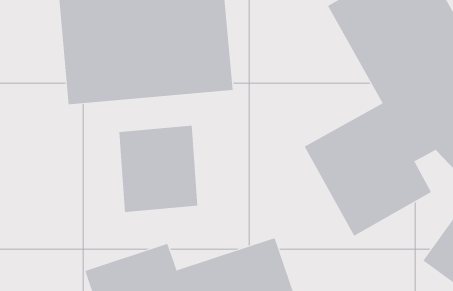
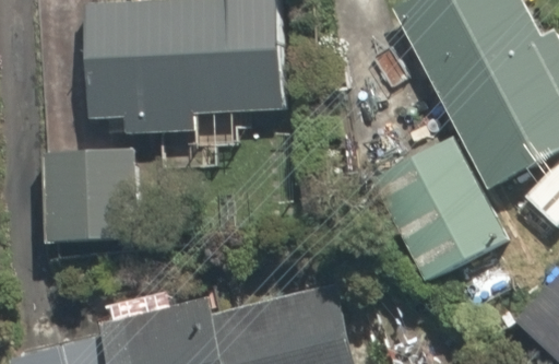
building: [119,125,198,212] -> [44,149,138,251]

